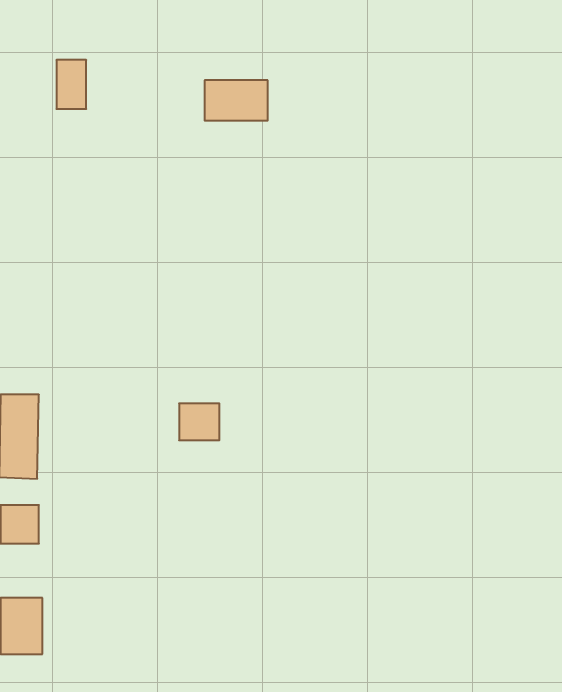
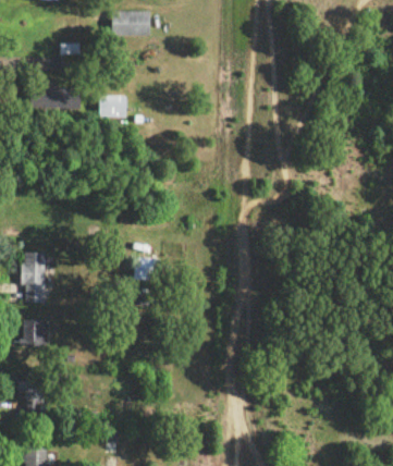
building: [205,80,268,121] -> [111,11,150,36]
building: none -> [42,88,78,110]
building: none -> [98,96,126,119]

